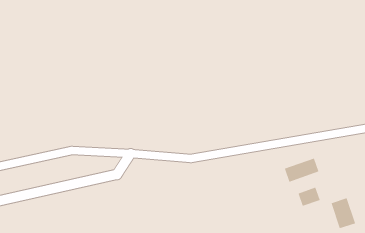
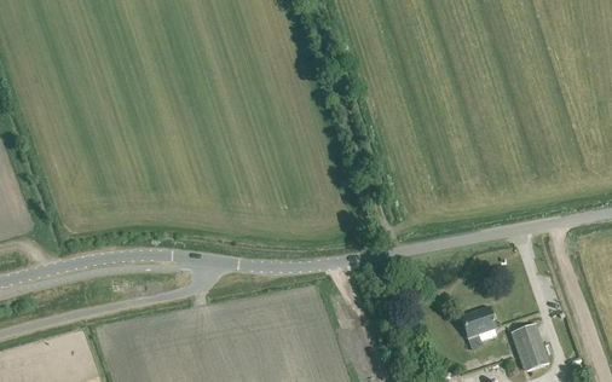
building: [284,158,320,183] -> none

